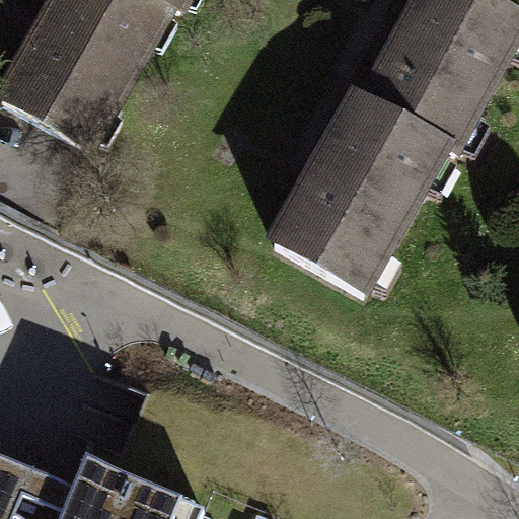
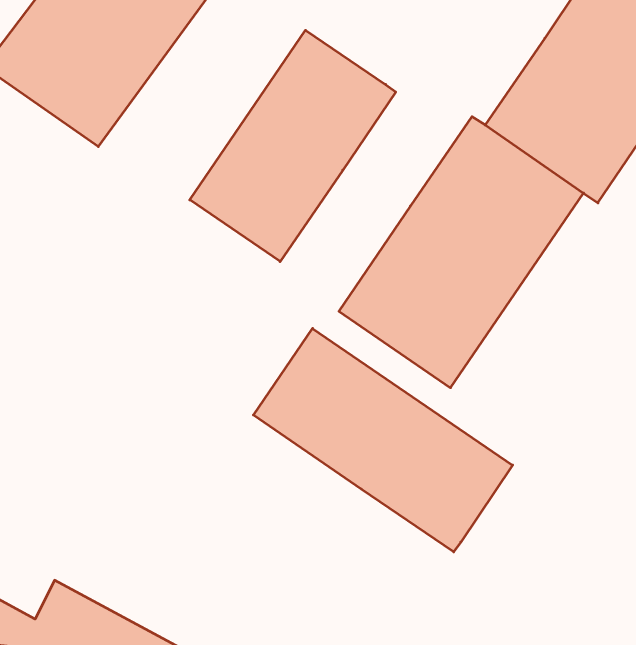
building: none -> [190,30,396,262]
building: none -> [253,328,513,552]

